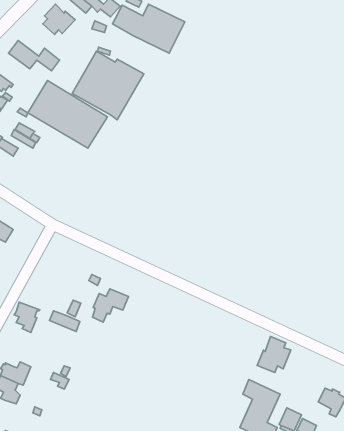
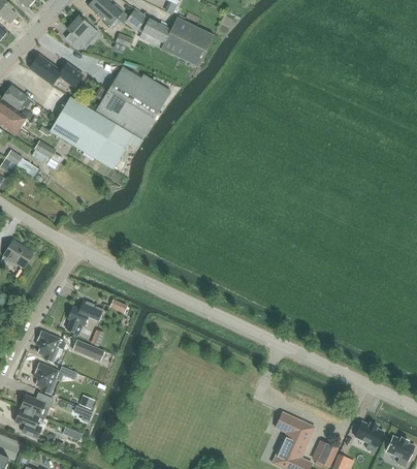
building: [92,289,129,322] -> [65,300,103,335]
building: none -> [34,363,77,395]
building: [257,337,291,373] -> none

